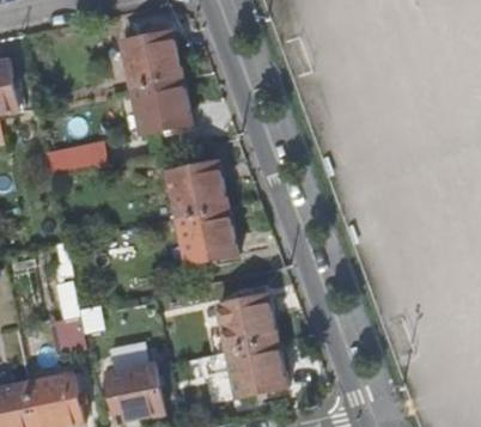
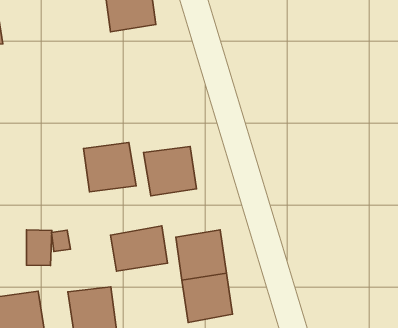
building: [133,77,191,132] -> none
building: [45,142,92,176] -> none
building: [168,160,227,216] -> [83,143,136,192]
building: none -> [110,226,167,271]

